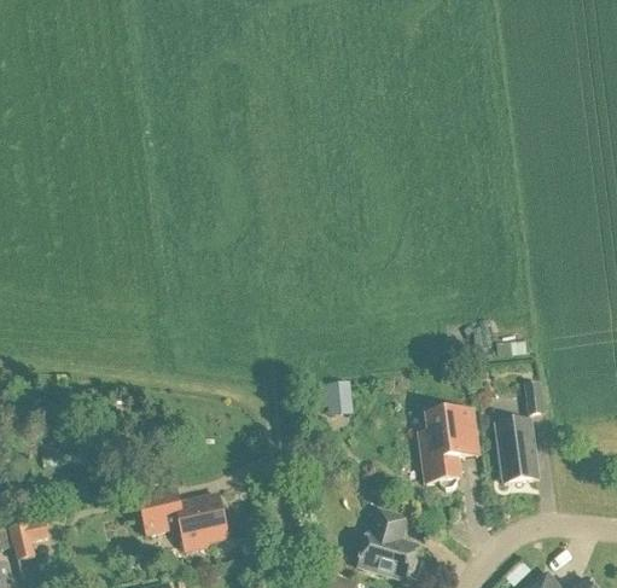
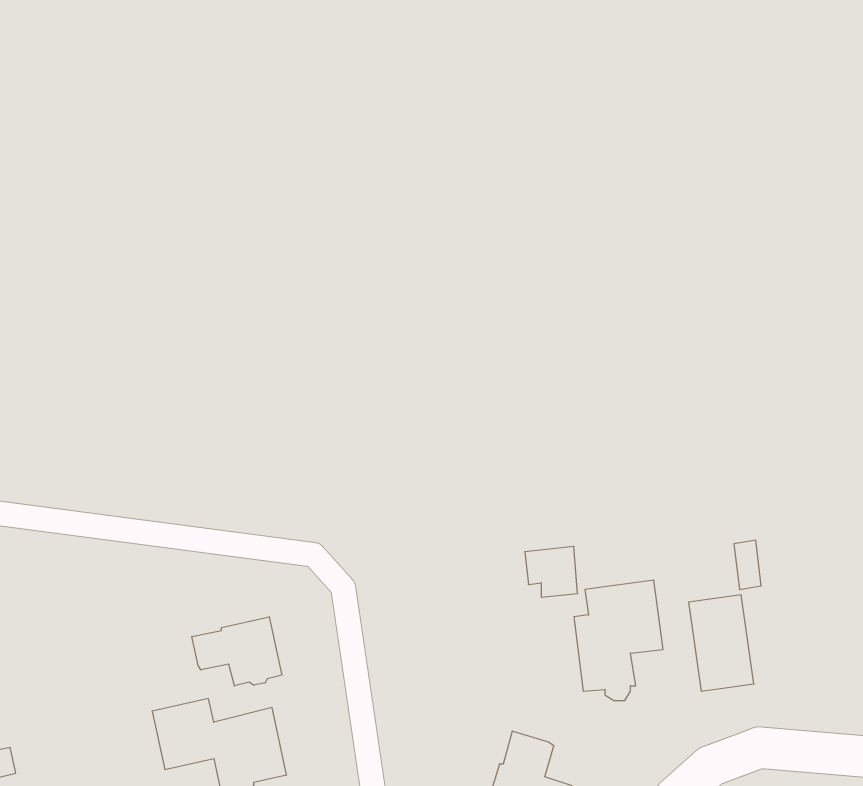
building: [318,383,353,417] -> [525,546,578,597]
building: none -> [192,617,282,686]

